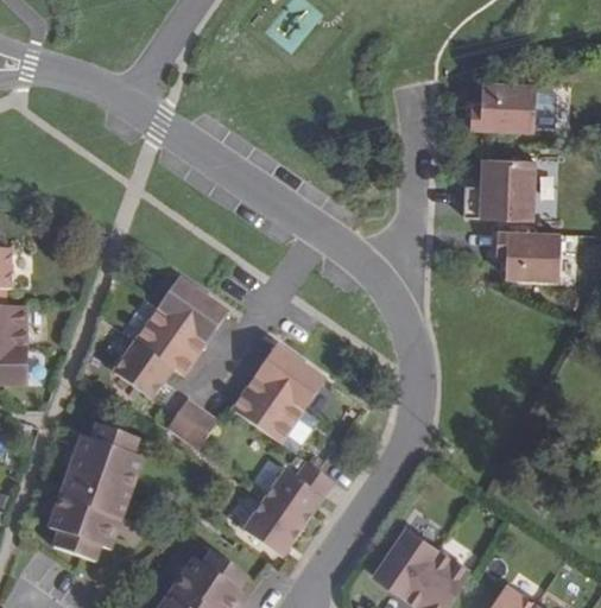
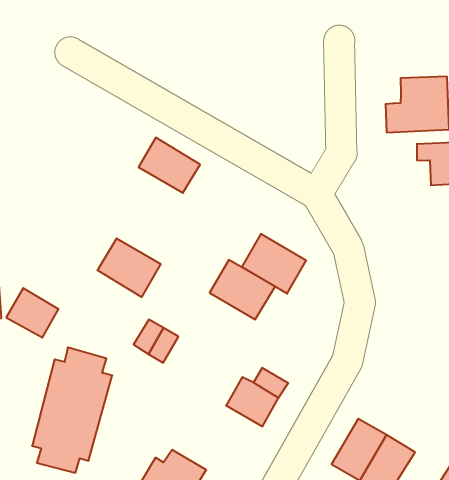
building: [467,82,533,129] -> none
building: [158,278,226,341] -> [139,138,200,193]
building: [113,342,171,398] -> [6,288,59,338]
building: [232,376,303,444] -> [242,234,306,294]
building: [242,501,302,557] -> none

